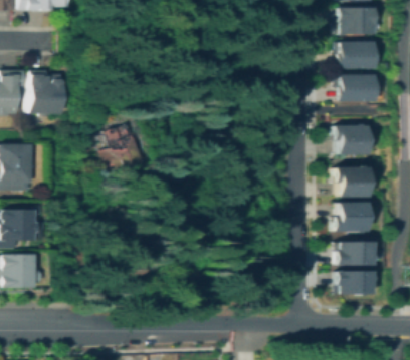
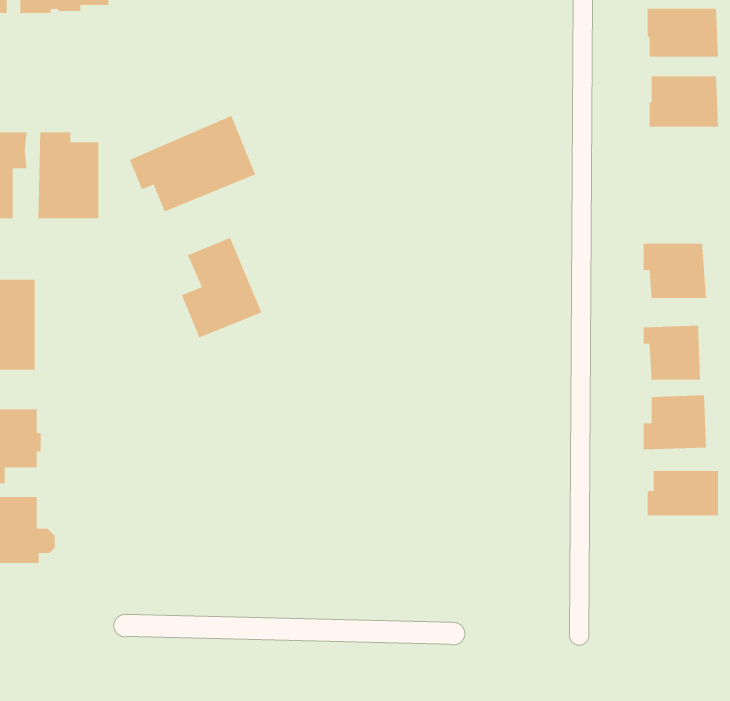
building: none -> [129,115,256,212]
building: [340,75,375,101] -> none
building: [339,272,374,295] -> none

